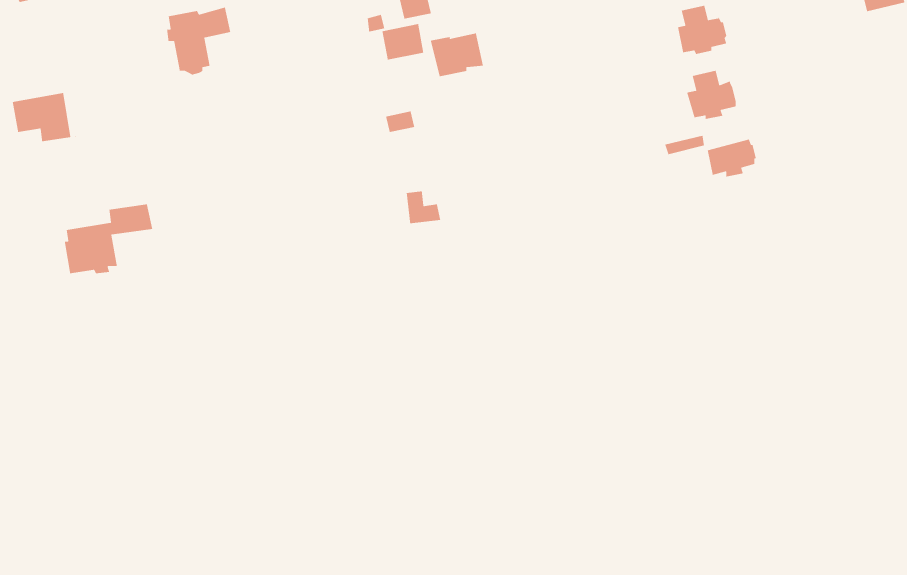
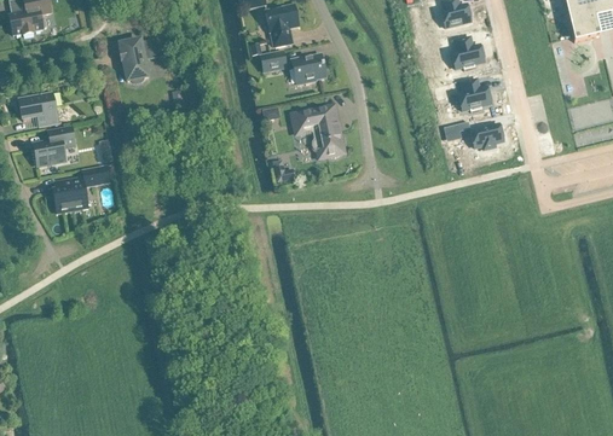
building: none -> [291,105,343,157]
building: none -> [33,127,74,165]

